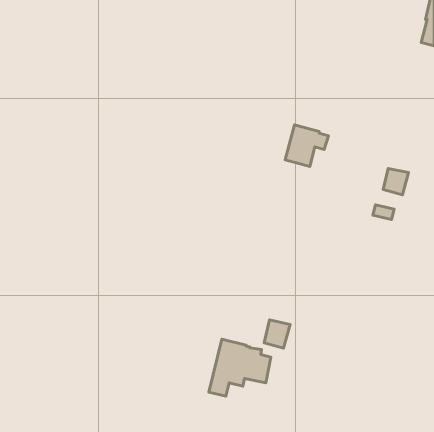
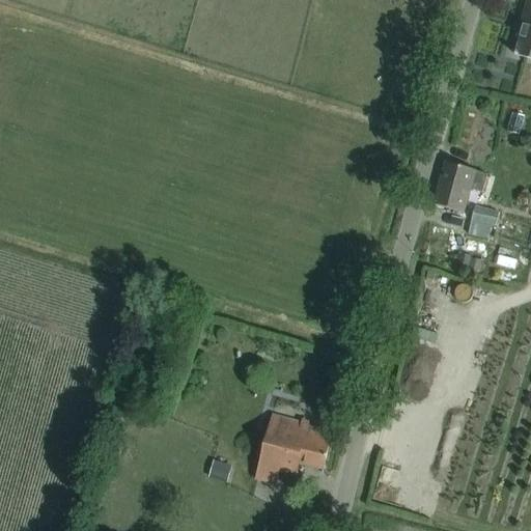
building: [285,125,328,166] -> [434,160,486,211]
building: [264,320,290,348] -> none

